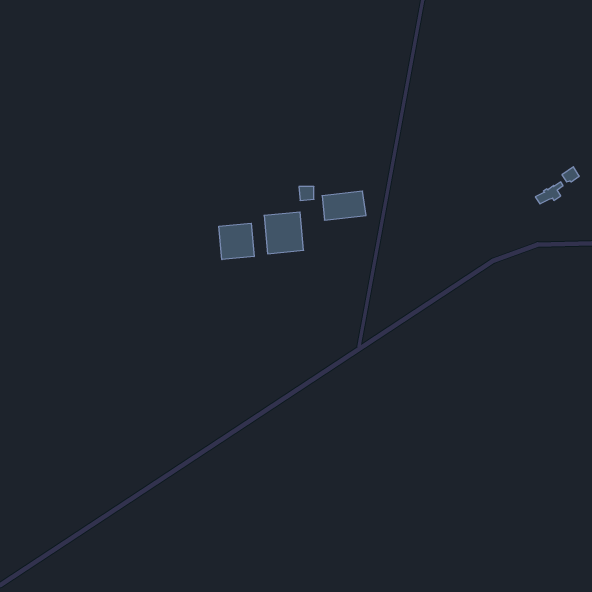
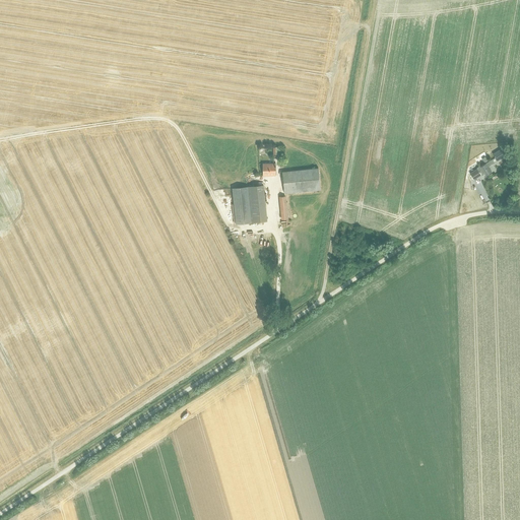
building: [219,223,254,260] -> none

